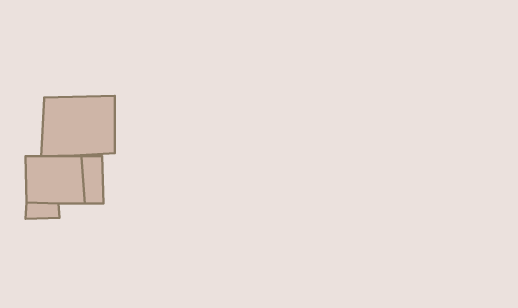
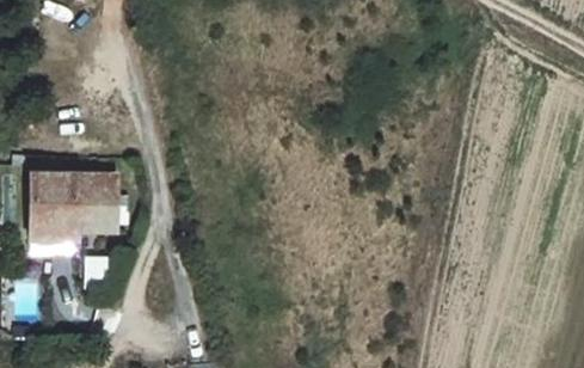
building: [41,96,115,156] -> none

